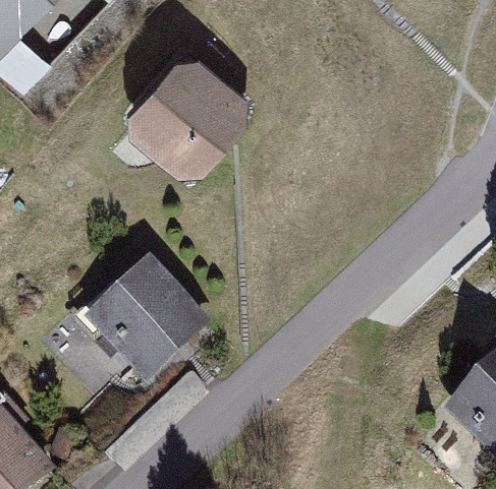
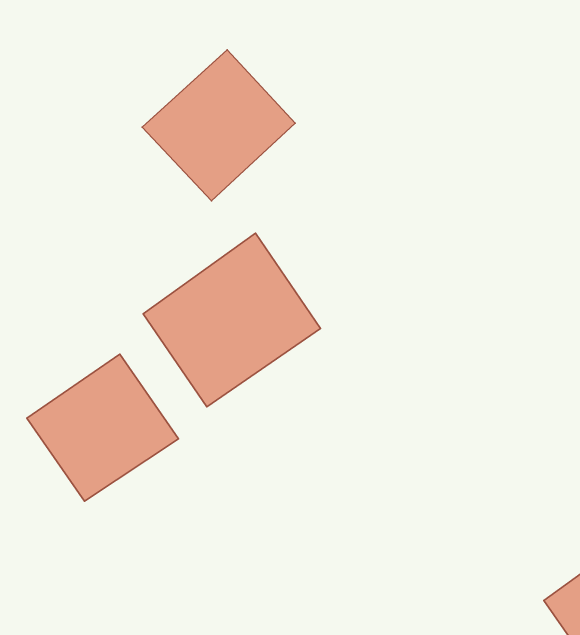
building: none -> [143,233,320,407]

